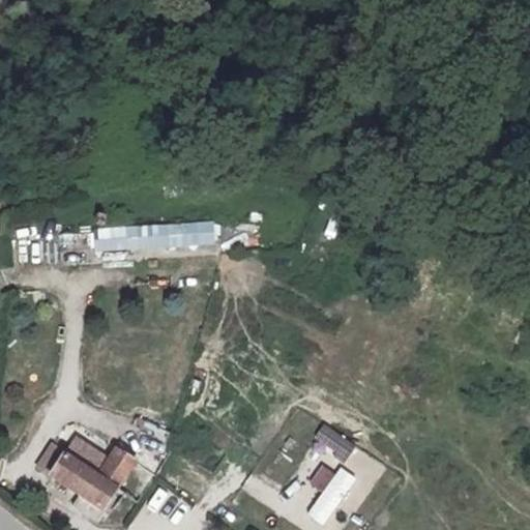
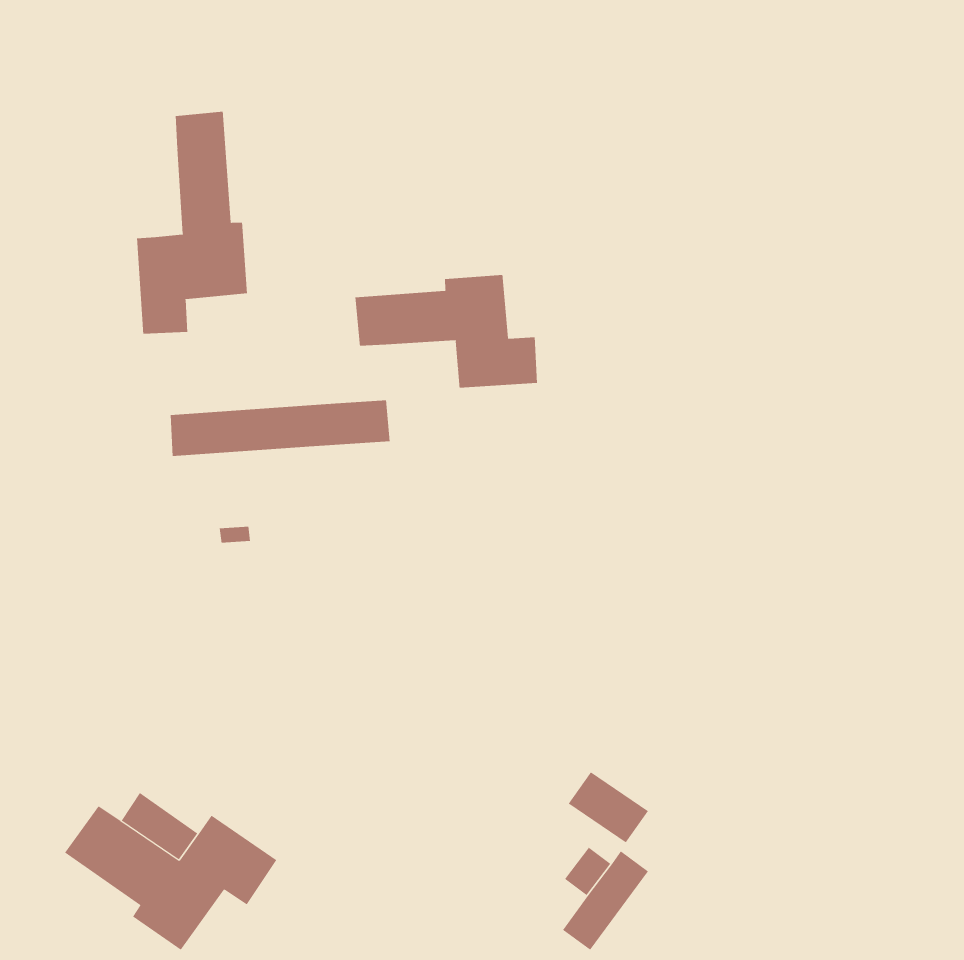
building: none -> [136,111,248,335]
building: none -> [355,274,538,389]

